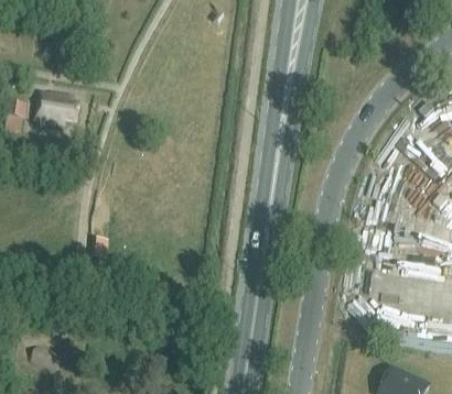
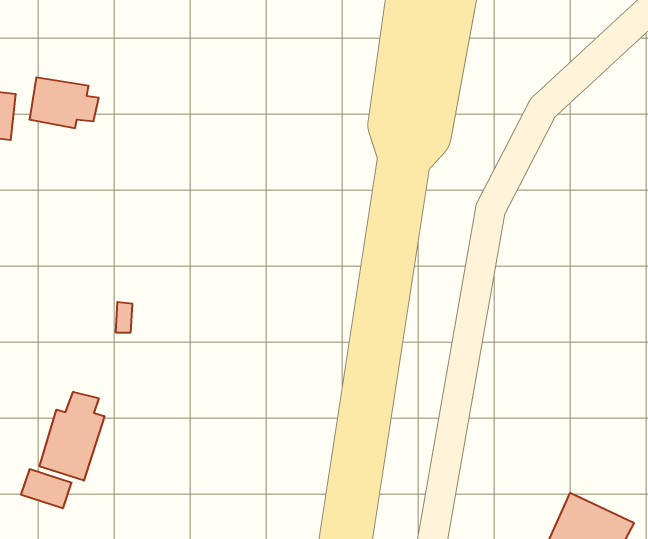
building: none -> [40,392,104,481]

